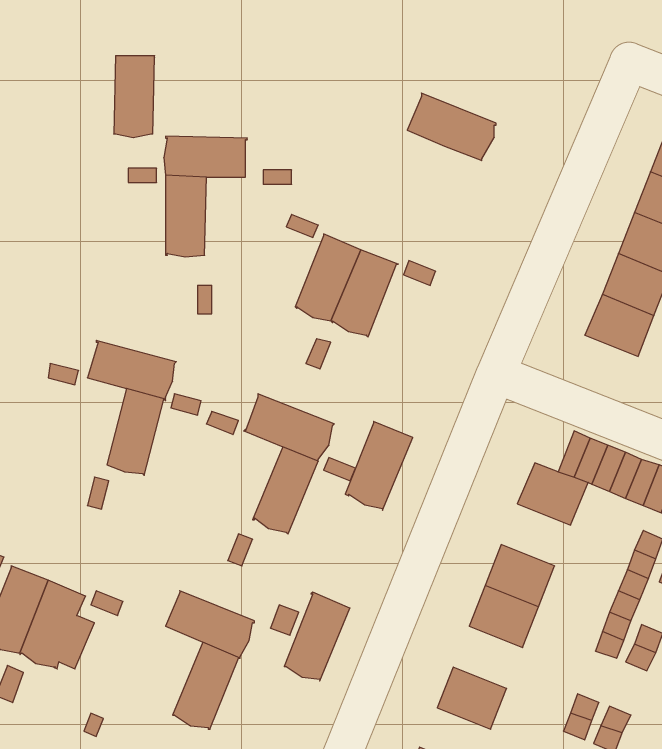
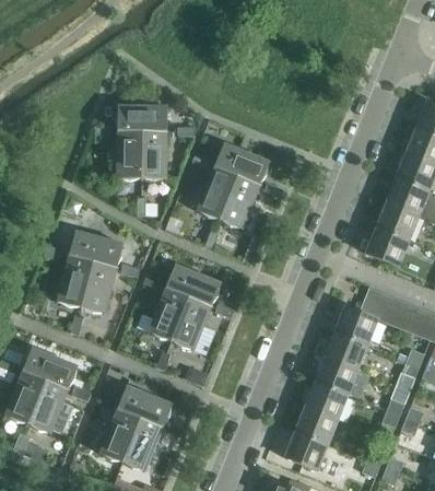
building: [114,56,155,138] -> [142,130,167,180]
building: [407,93,496,161] -> [215,142,270,184]
building: none -> [366,227,409,266]
building: none -> [58,254,94,307]
building: [345,421,413,510] -> [149,287,190,341]
building: none -> [325,331,367,370]
building: none -> [23,347,79,388]
building: [284,592,350,681] -> [101,407,141,461]
building: none -> [295,407,338,445]

